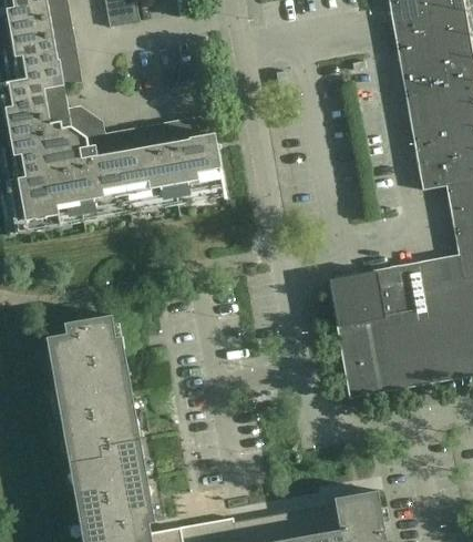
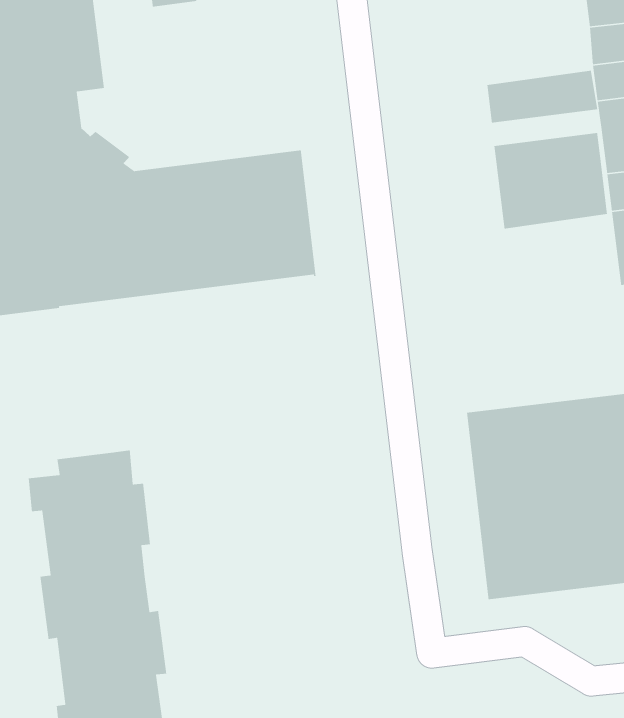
building: none -> [486,70,598,123]
building: none -> [493,132,608,229]

